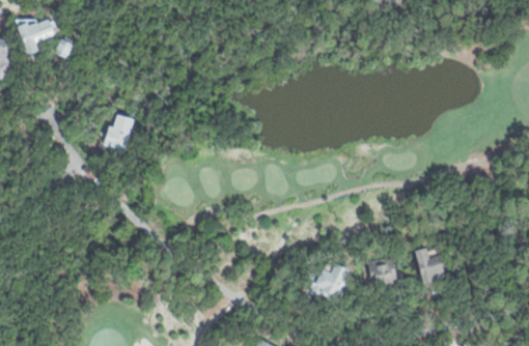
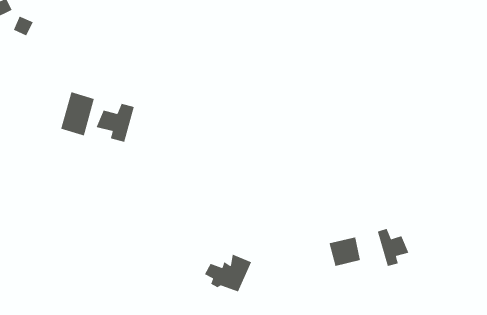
building: none -> [95,103,135,143]
building: [304,262,352,300] -> [204,254,252,292]

